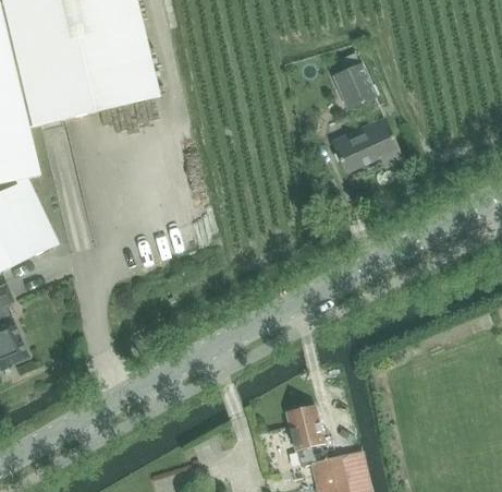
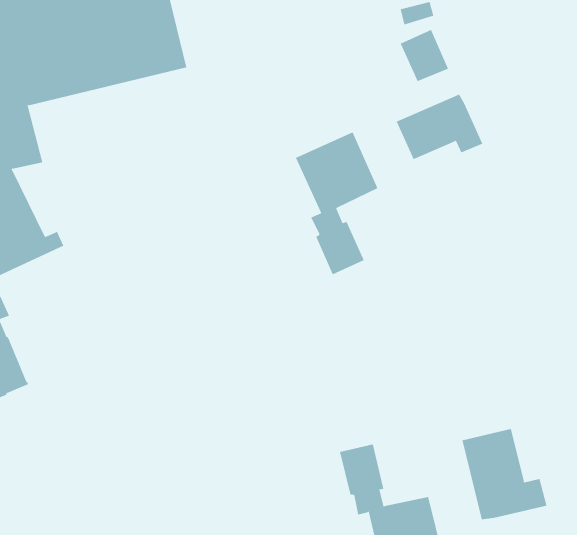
building: none -> [295,131,378,275]
building: none -> [462,428,547,520]

